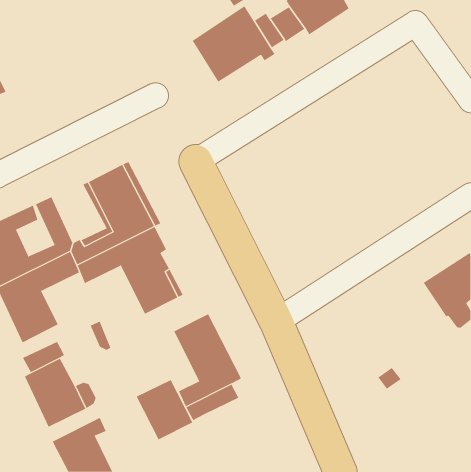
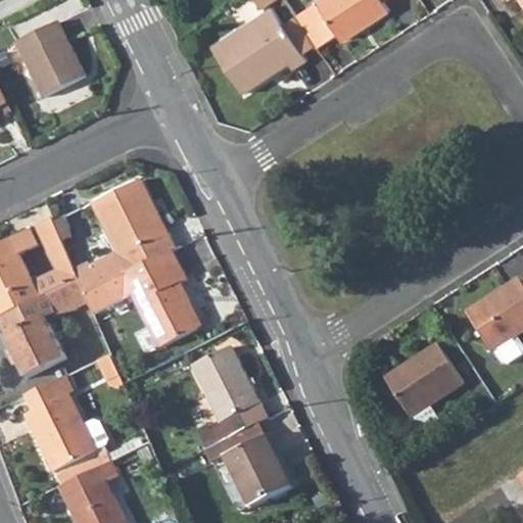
building: none -> [14,19,85,96]
building: none -> [384,342,463,415]
building: [136,379,193,440] -> [226,437,289,505]

